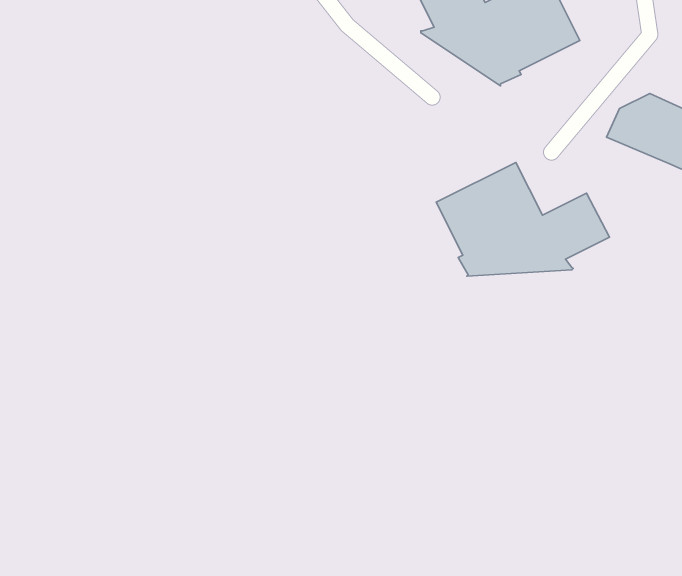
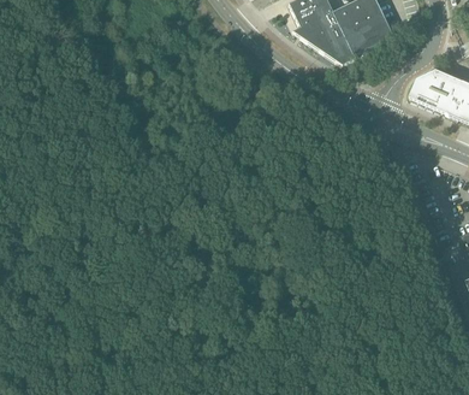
building: [436,162,610,276] -> none

